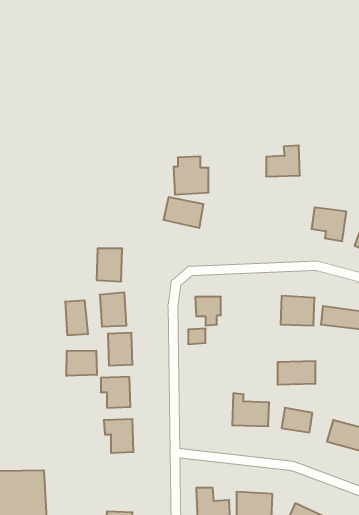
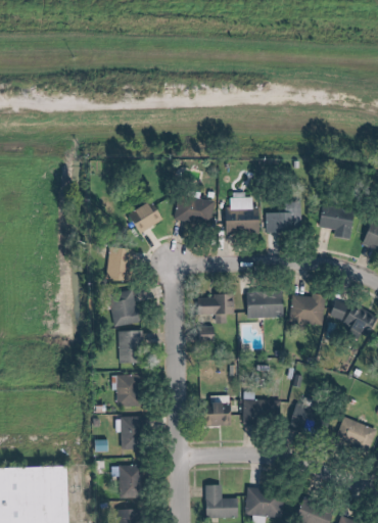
building: [266,146,300,176] -> [266,202,299,233]
building: [174,156,209,195] -> [226,197,261,235]
building: none -> [128,199,166,234]
building: [65,300,88,335] -> none
building: [67,351,97,376] -> none
building: [278,361,316,385] -> [247,294,285,318]
building: none -> [210,395,232,425]
building: none -> [111,466,144,498]

